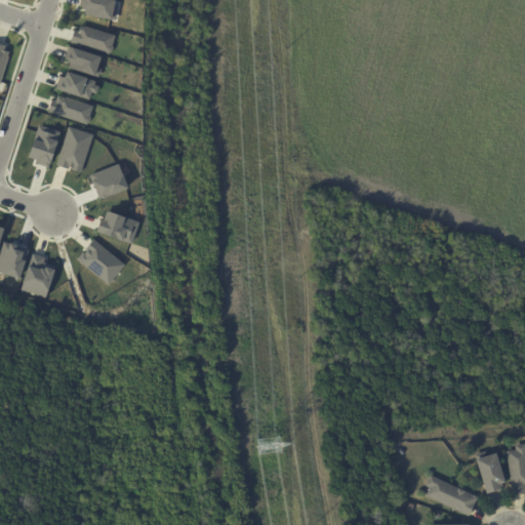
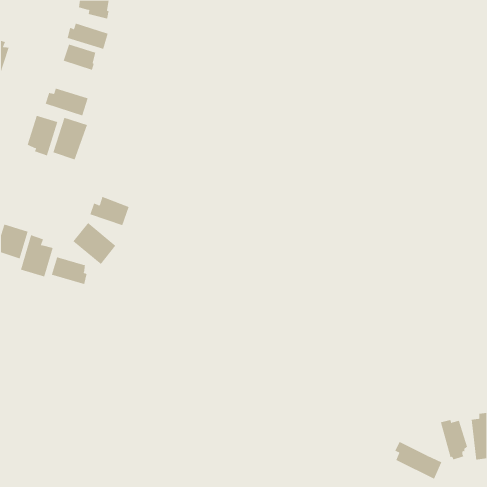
building: [57,71,100,98] -> none
building: [90,163,130,199] -> none
building: none -> [51,257,87,285]

